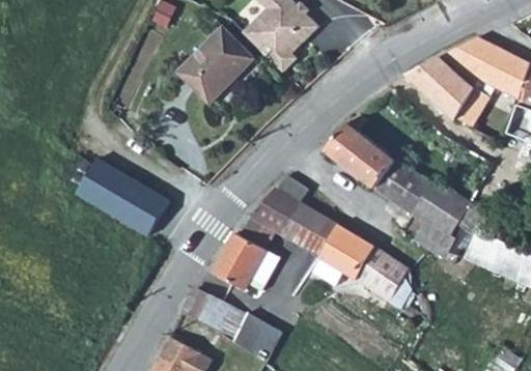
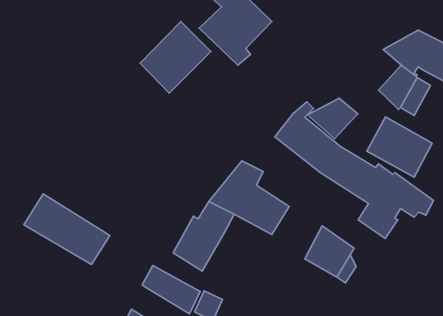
building: [404,56,458,99] -> [307,98,358,139]
building: none -> [367,117,432,177]
building: [76,159,168,234] -> [24,194,110,264]
building: [313,224,373,285] -> none

